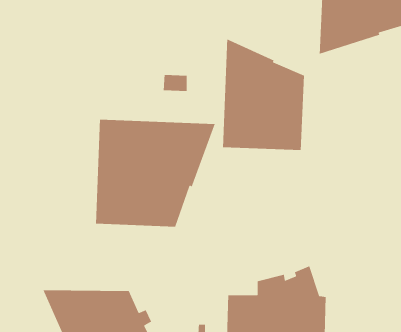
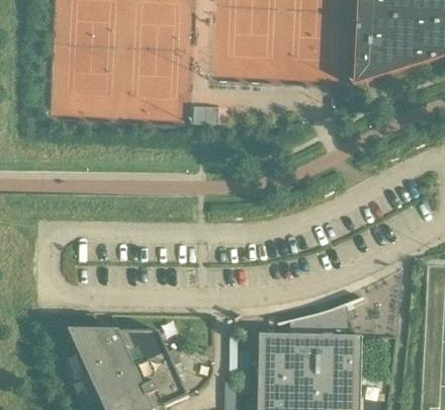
building: [222,38,305,151] -> none
building: [95,119,216,228] -> none

